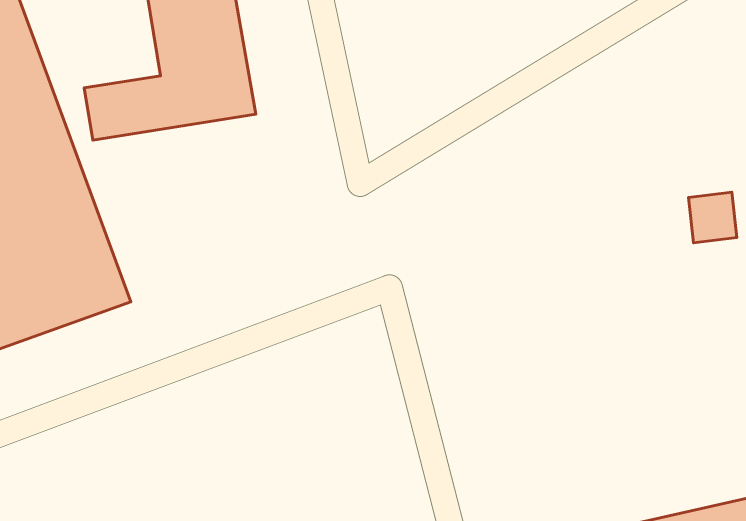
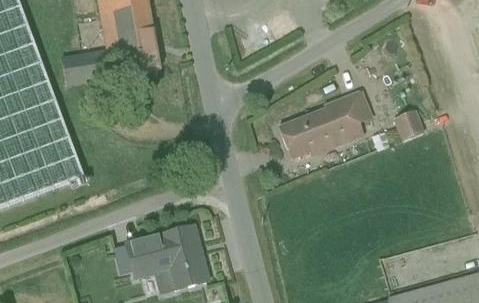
building: none -> [271,88,373,162]
building: none -> [117,224,204,292]

